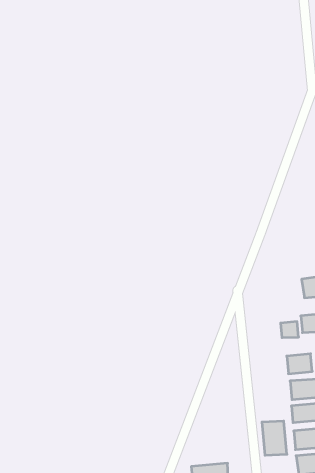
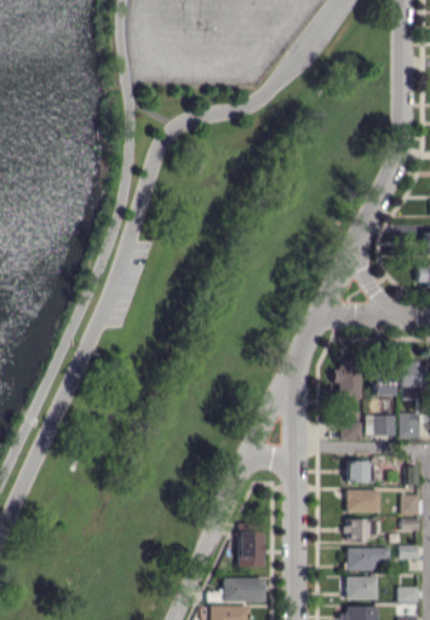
building: none -> [334,363,361,400]
building: [262,421,287,455] -> [239,528,264,568]

